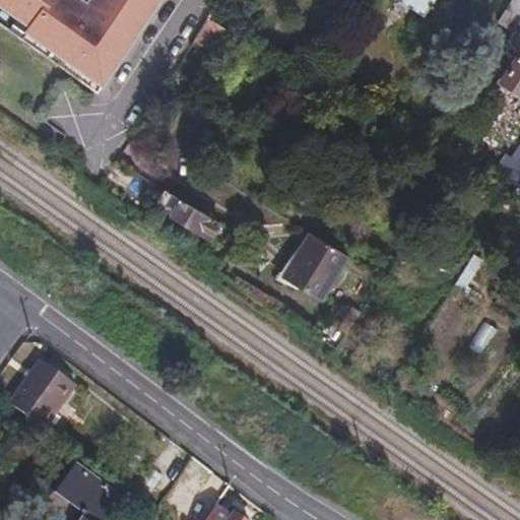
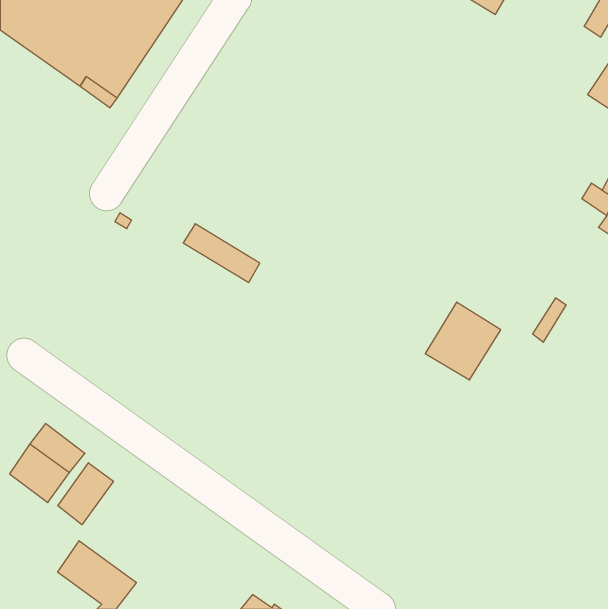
building: [285,233,349,299] -> [425,302,501,380]
building: none -> [58,463,113,525]

